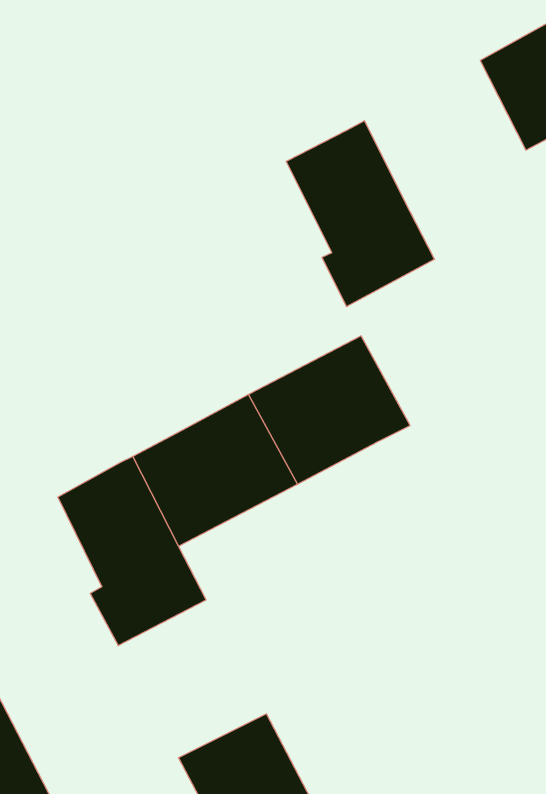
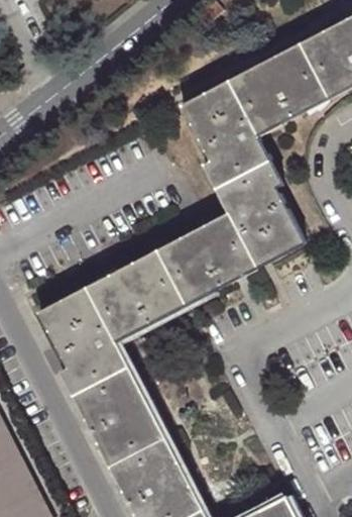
building: none -> [231,42,331,136]
building: none -> [220,166,305,269]
building: none -> [79,377,170,475]

